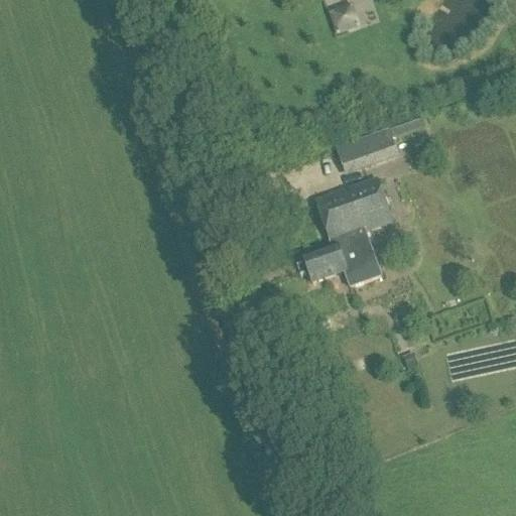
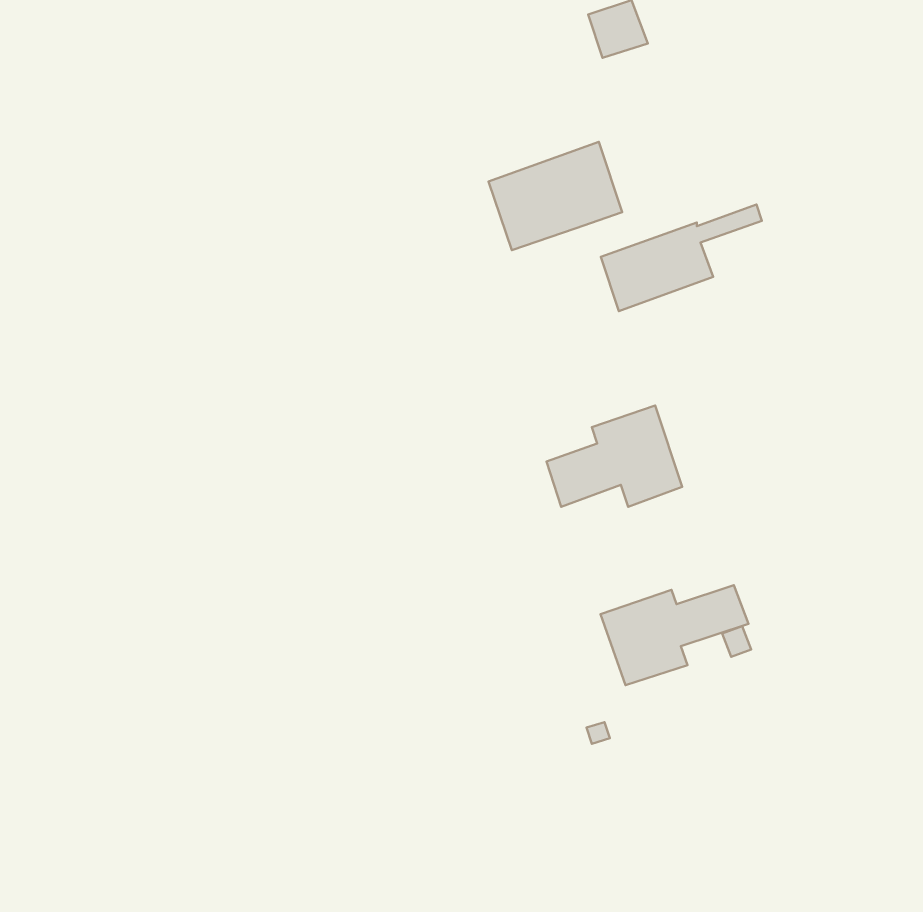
building: [316,177,391,238] -> [488,142,622,250]
building: none -> [600,585,748,685]

